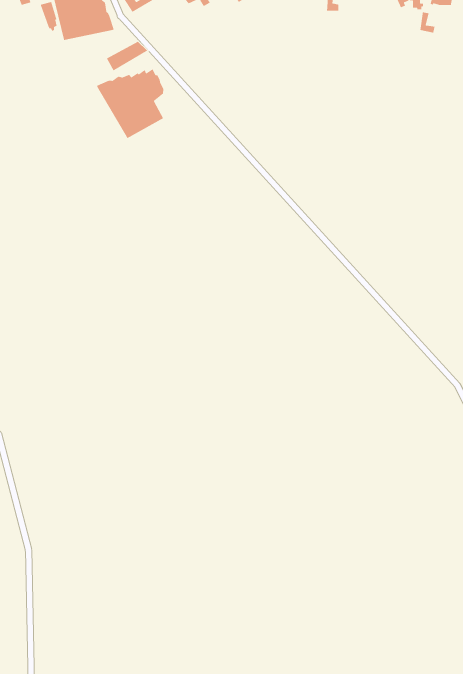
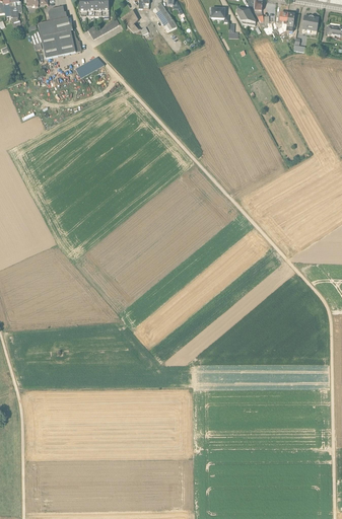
building: [96,68,164,139] -> none

